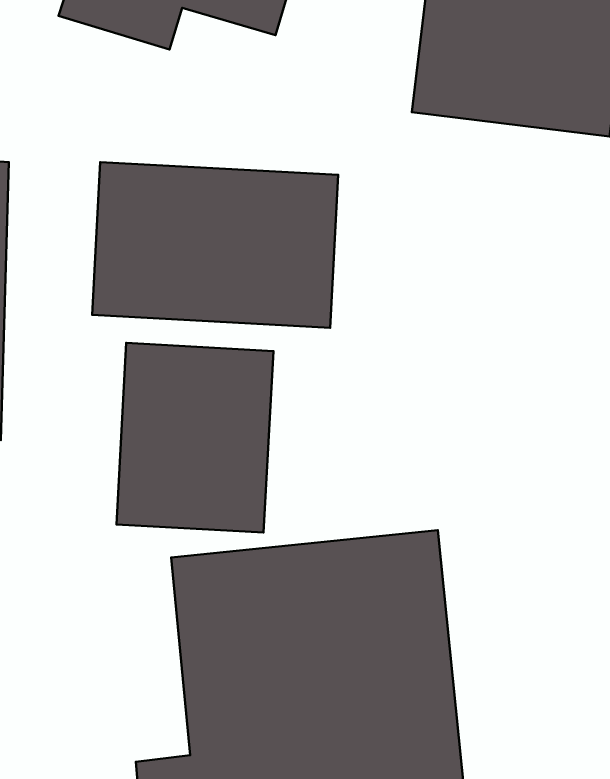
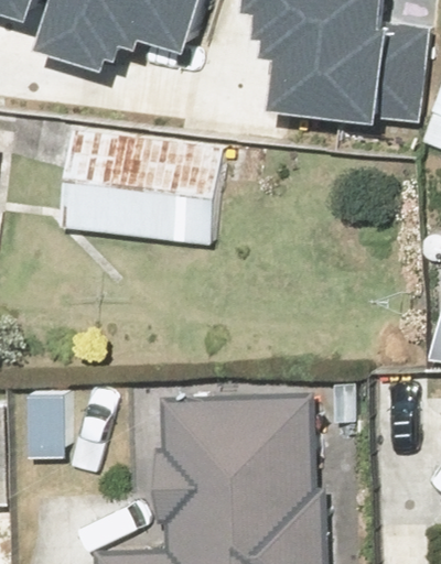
building: [116,343,273,533] -> none

